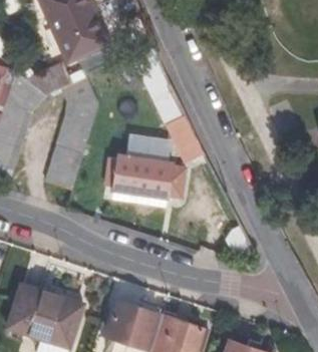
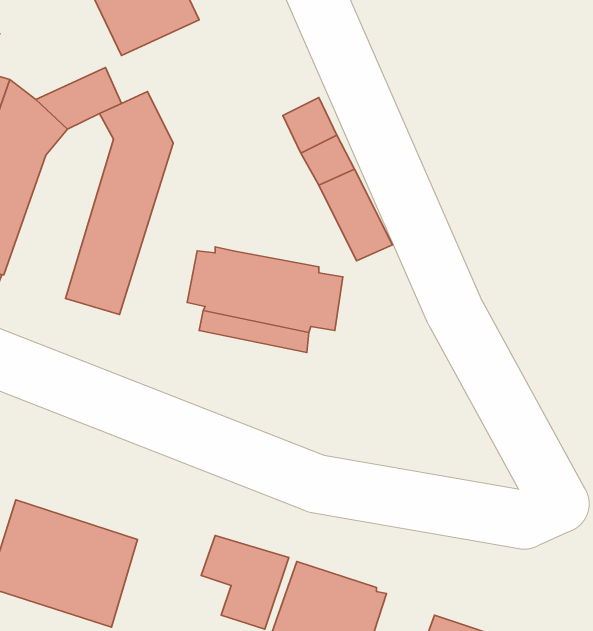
building: [127,137,175,165] -> none

